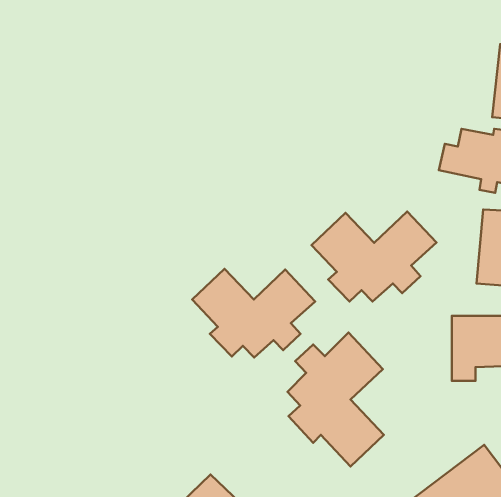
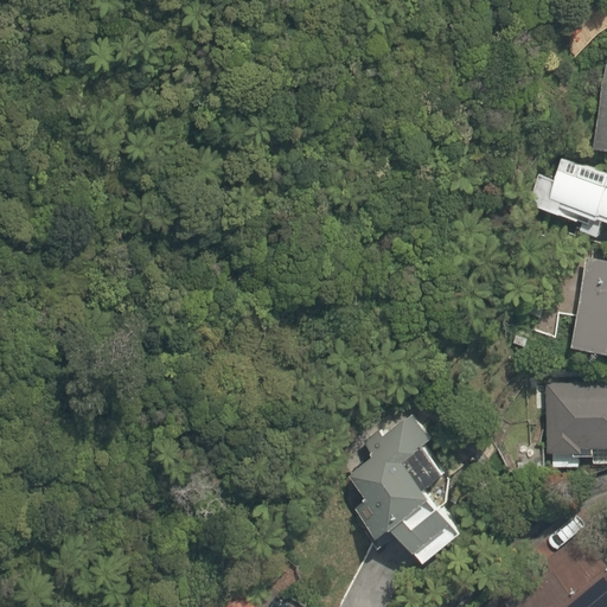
building: [311,211,437,302] -> none
building: [192,269,315,358] -> none

